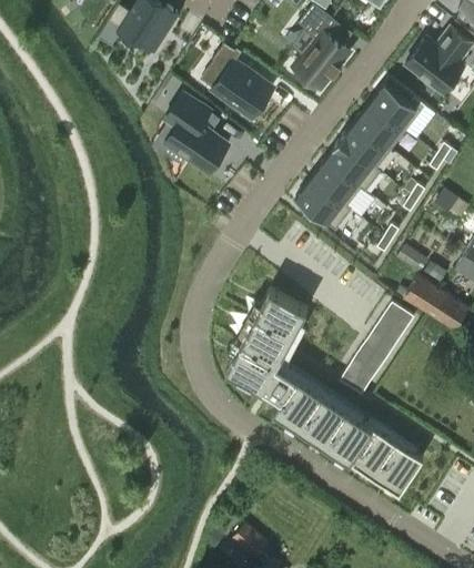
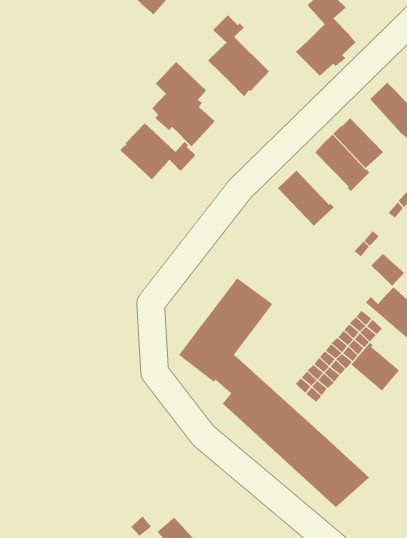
building: [354,102,405,150] -> none
building: none -> [119,122,196,180]
building: [311,160,362,206] -> none
building: none -> [351,342,400,391]

